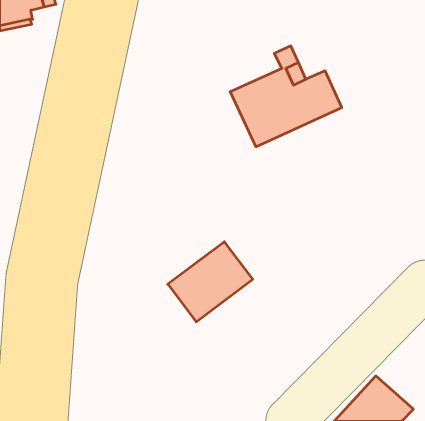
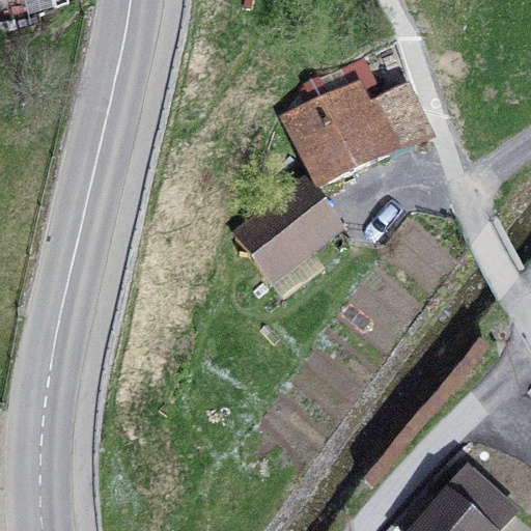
building: [168,242,253,322] -> [234,183,340,282]

